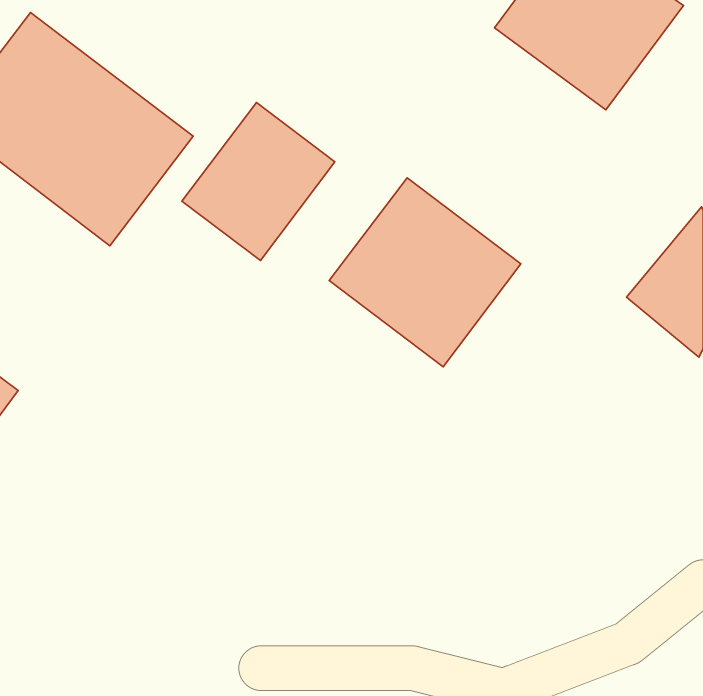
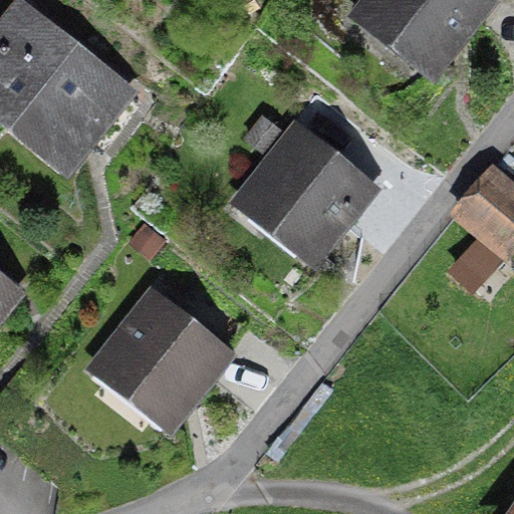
building: [182,103,335,260] -> none
building: none -> [88,286,224,421]

